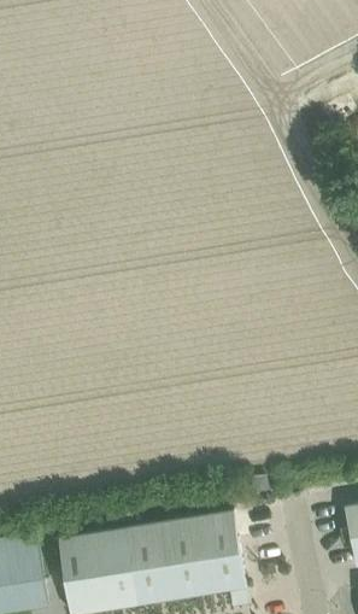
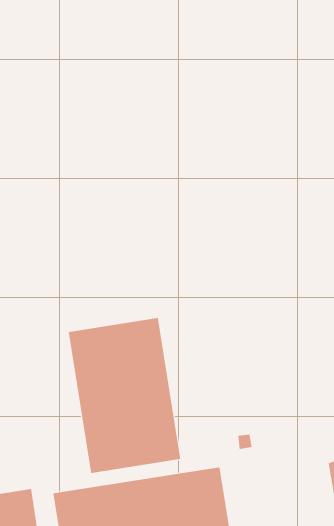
building: none -> [68,317,181,474]

